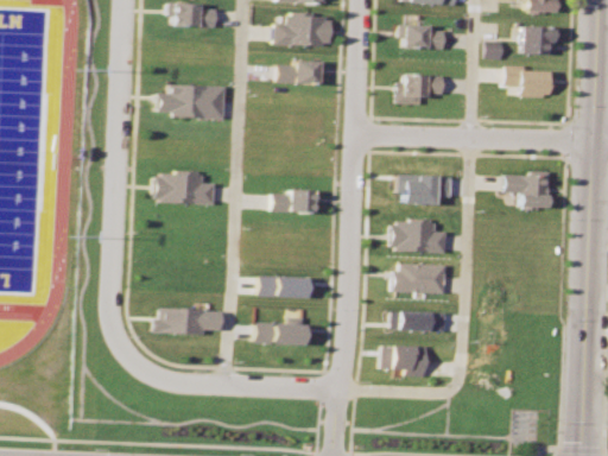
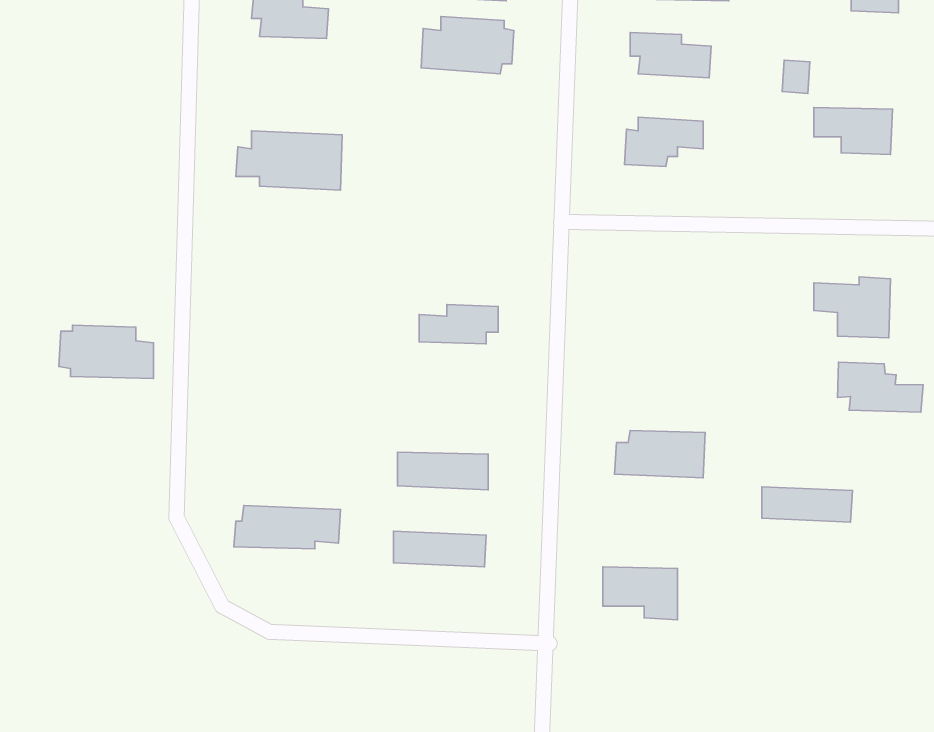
building: [526,26,559,56] -> none
building: [274,61,322,86] -> none
building: [157,172,214,204] -> [59,325,154,378]
building: [395,176,450,205] -> none
building: [388,221,444,252] -> none
building: none -> [837,362,923,412]
building: [390,311,444,332] -> [762,487,852,522]

